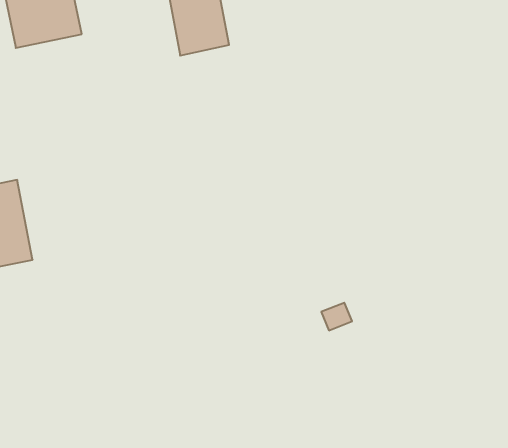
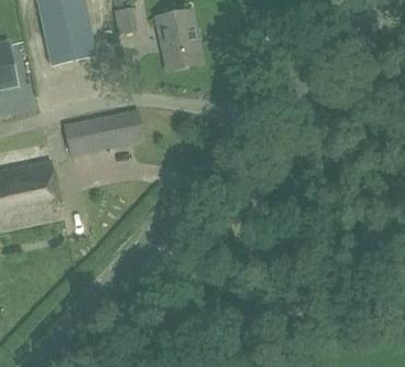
building: none -> [64,109,143,155]

